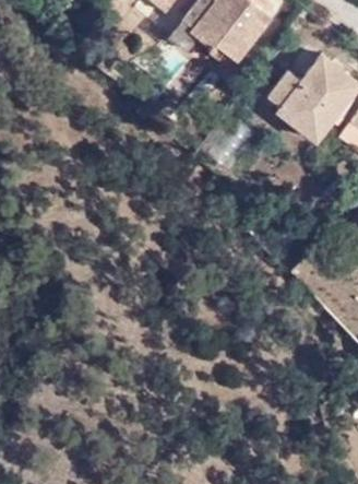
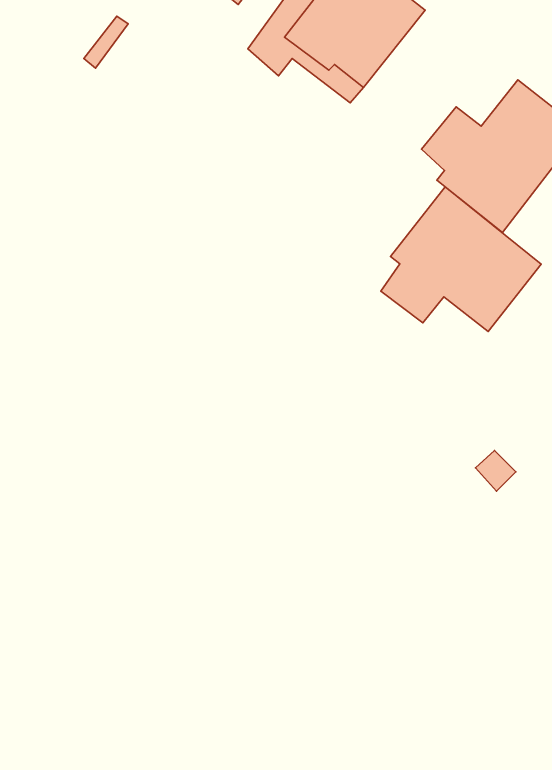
building: none -> [381,187,541,332]

